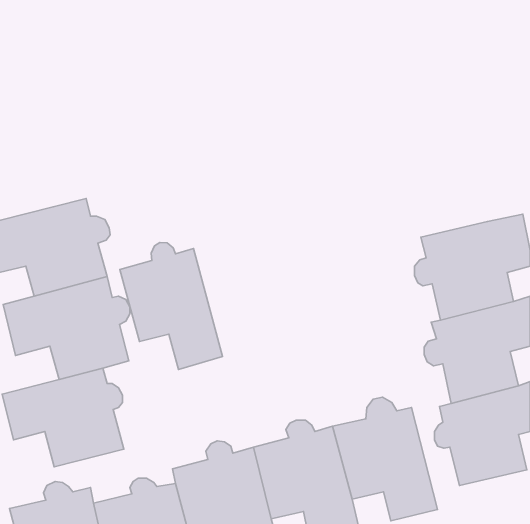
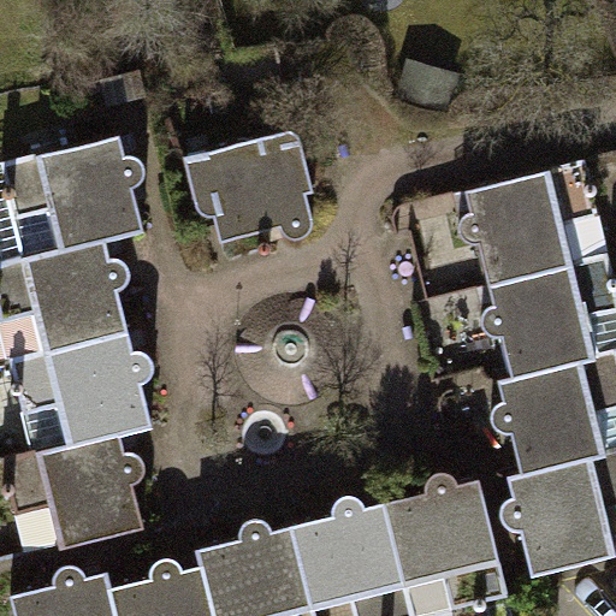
building: none -> [183,130,312,239]
building: none -> [5,140,143,248]
building: none -> [455,168,587,283]
building: [120,242,222,370] -> none

